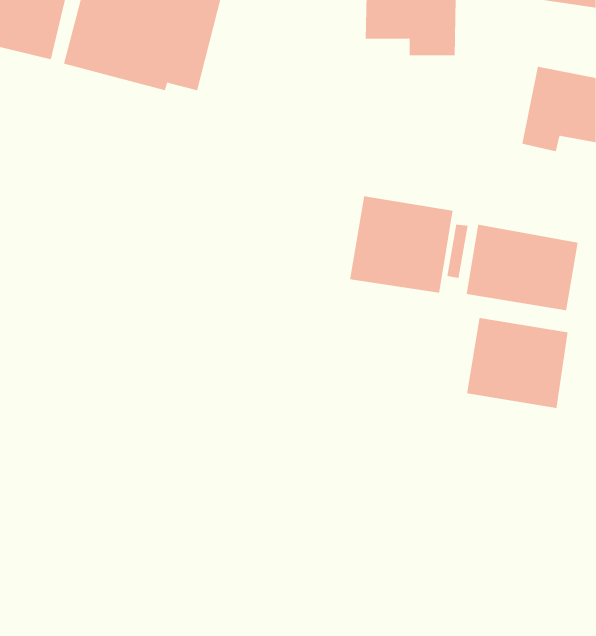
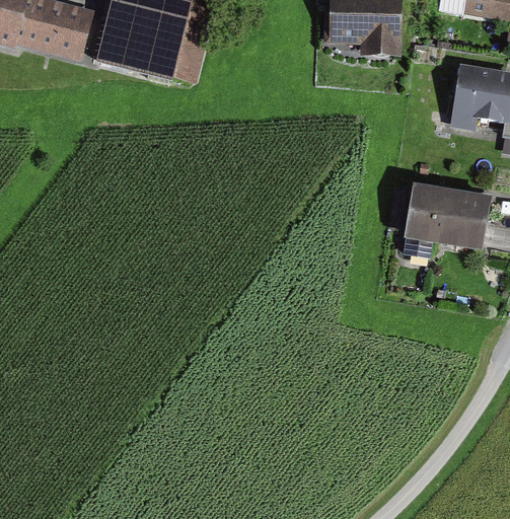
building: [350,195,453,293] -> none
building: [466,317,568,409] -> none

